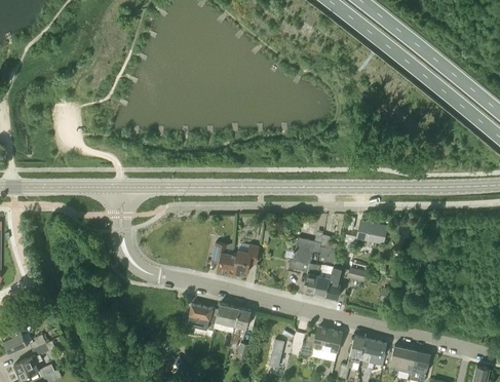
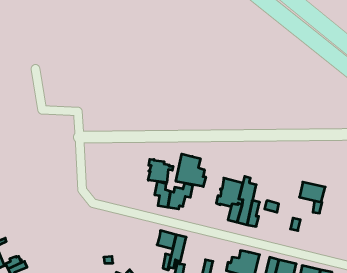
building: none -> [176,154,206,187]
building: none -> [148,159,173,183]
building: [356,219,388,243] -> [299,182,325,202]
building: [187,303,219,330] -> none

